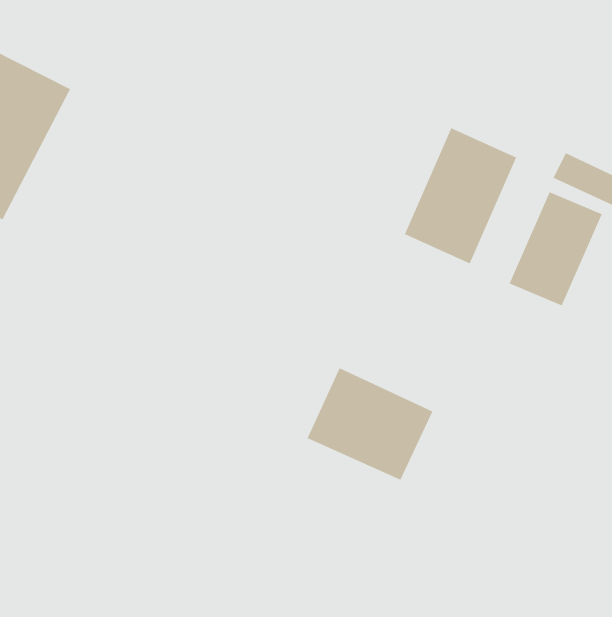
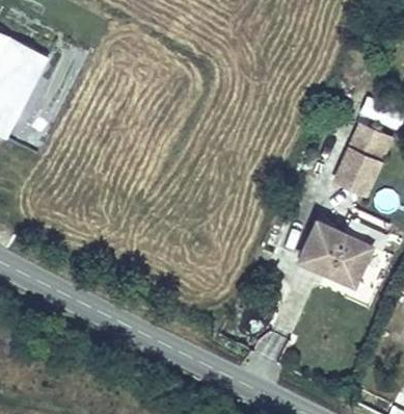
building: [404,127,517,264] -> none
building: [307,367,433,481] -> [295,214,376,287]

